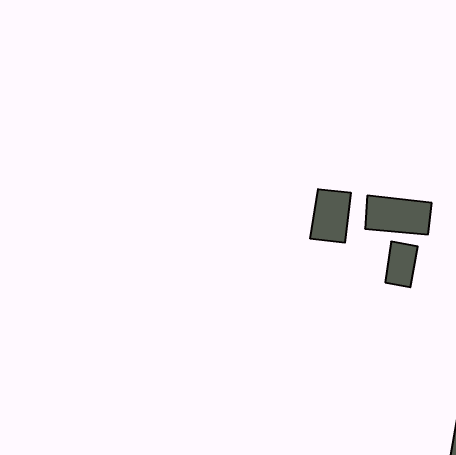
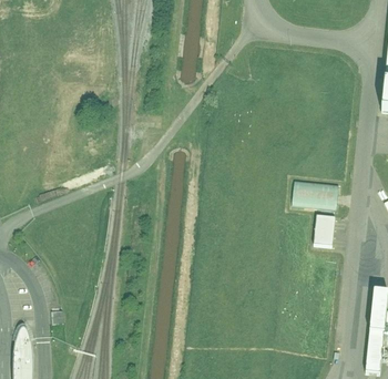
building: [310,189,351,243] -> none

